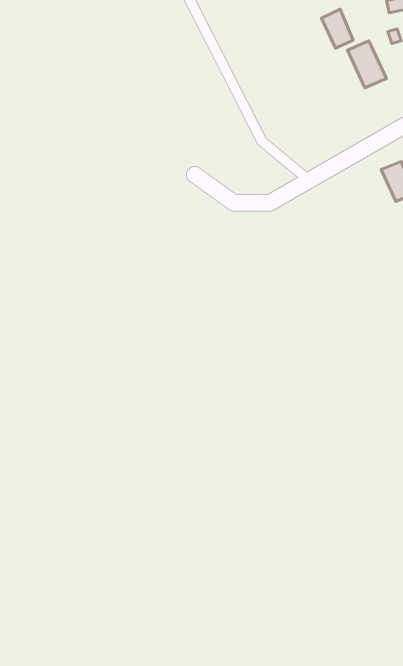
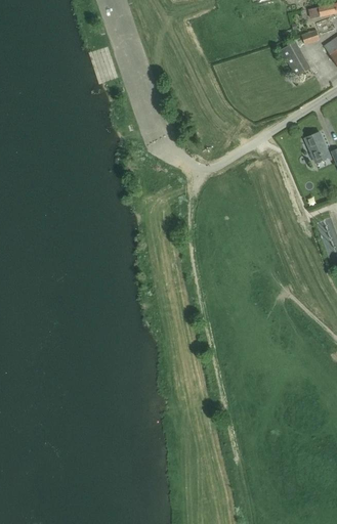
building: [322,9,353,48] -> none

